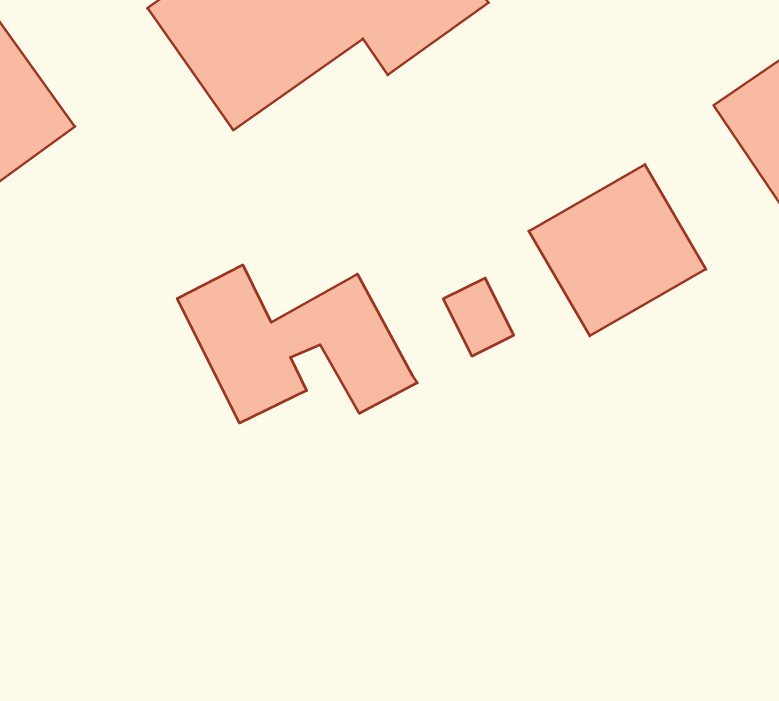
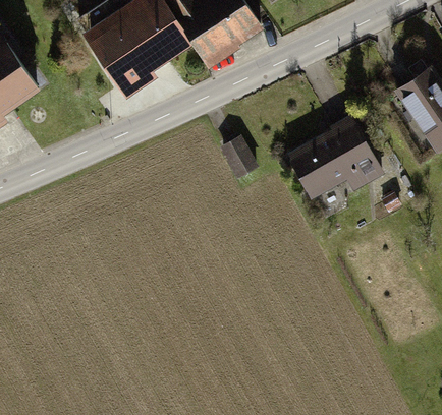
building: [177,265,417,423] -> none
building: [443,278,514,356] -> [218,136,256,178]

